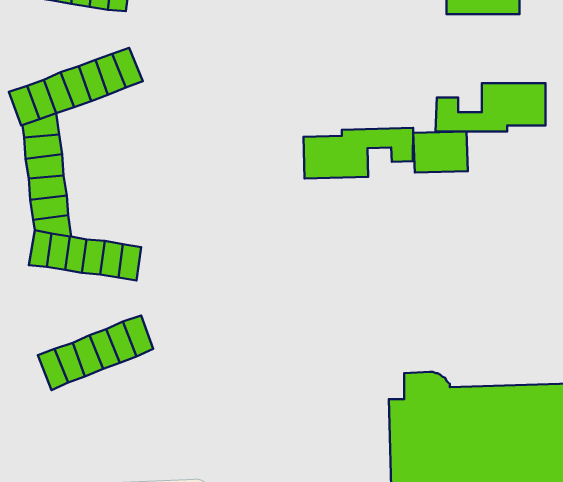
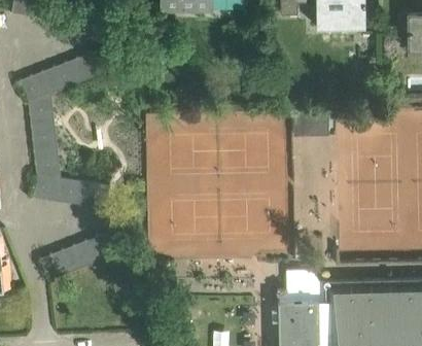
building: [436,83,546,131] -> none
building: [303,128,413,179] -> none

